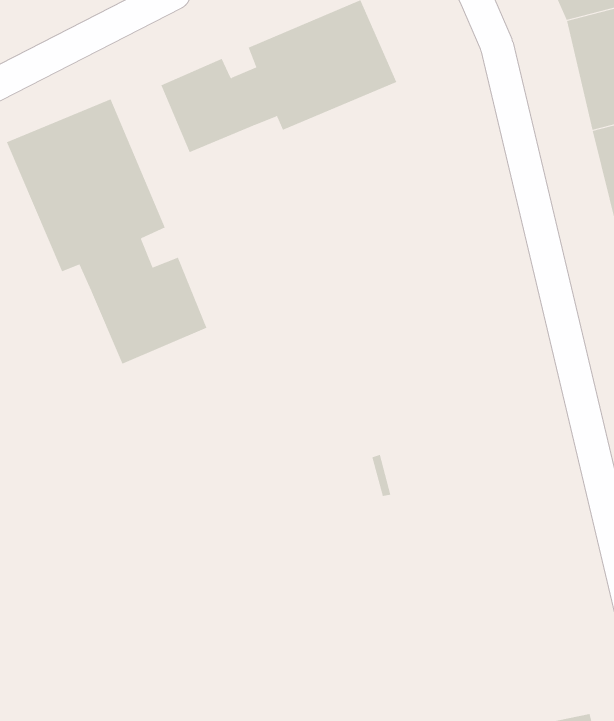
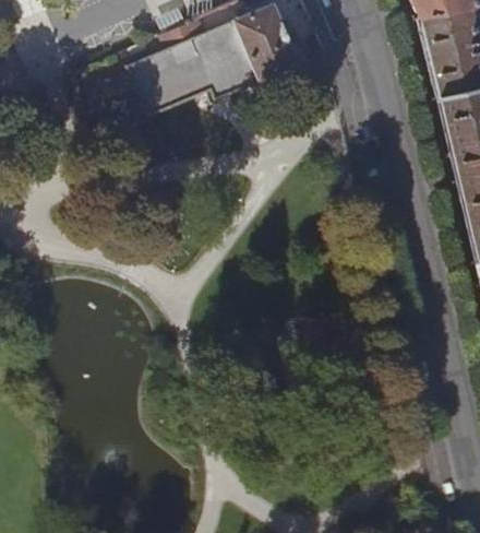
building: [6,99,207,364] -> none

